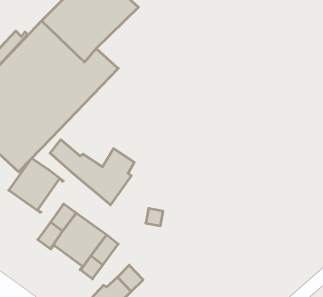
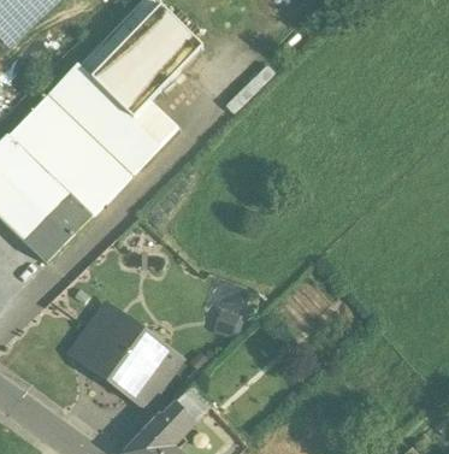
building: [50,140,134,205] -> none
building: [9,158,63,212] -> none

